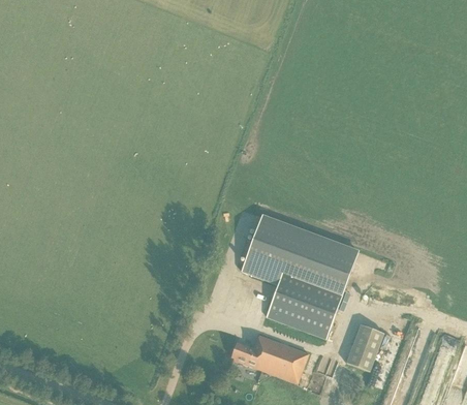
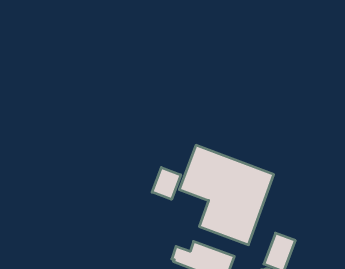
building: none -> [152,167,181,199]

